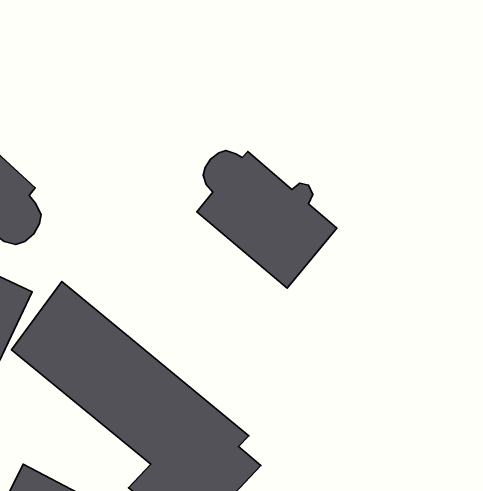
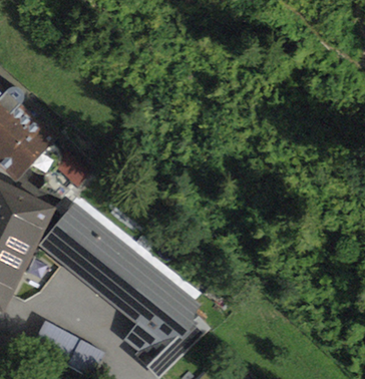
building: [197,151,337,288] -> none

